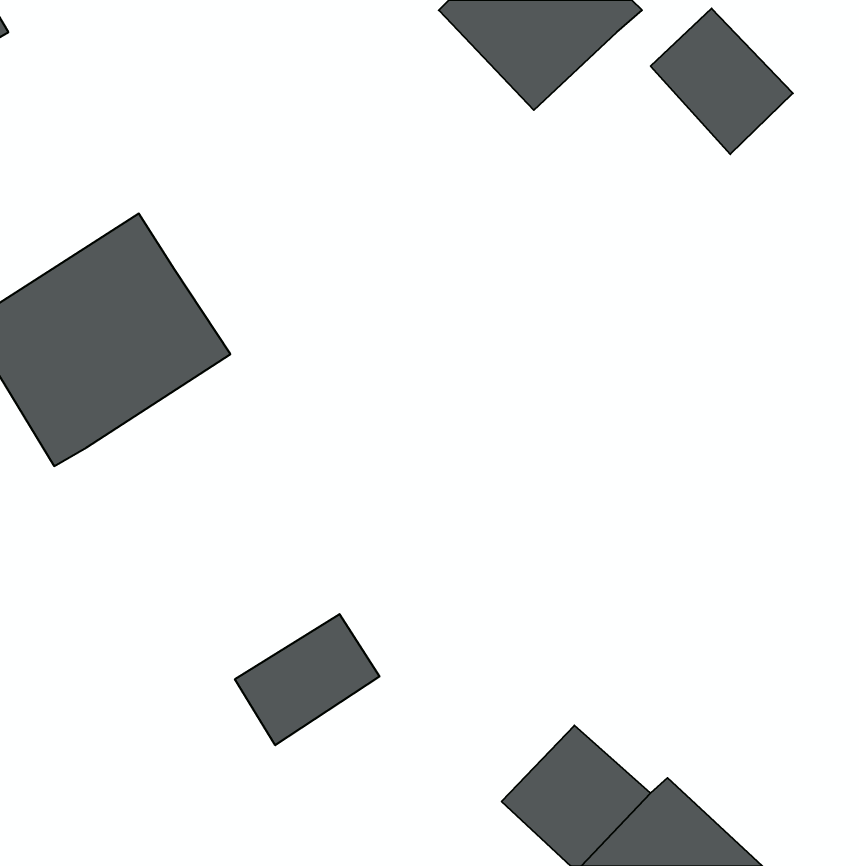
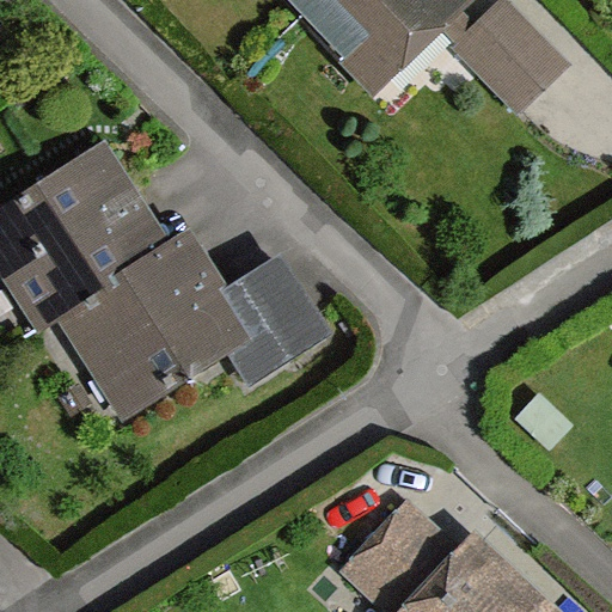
building: none -> [61,238,322,417]
building: [235,614,379,745] -> none

